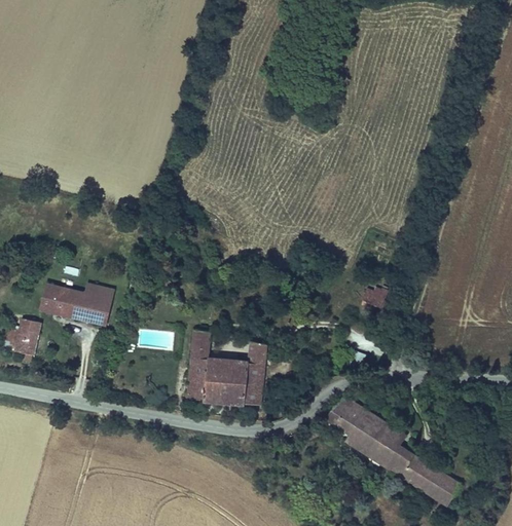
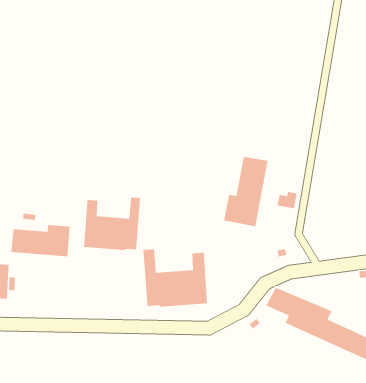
building: none -> [223,156,268,227]
building: none -> [83,196,141,251]

